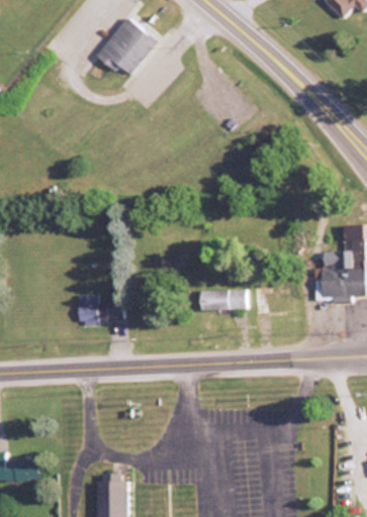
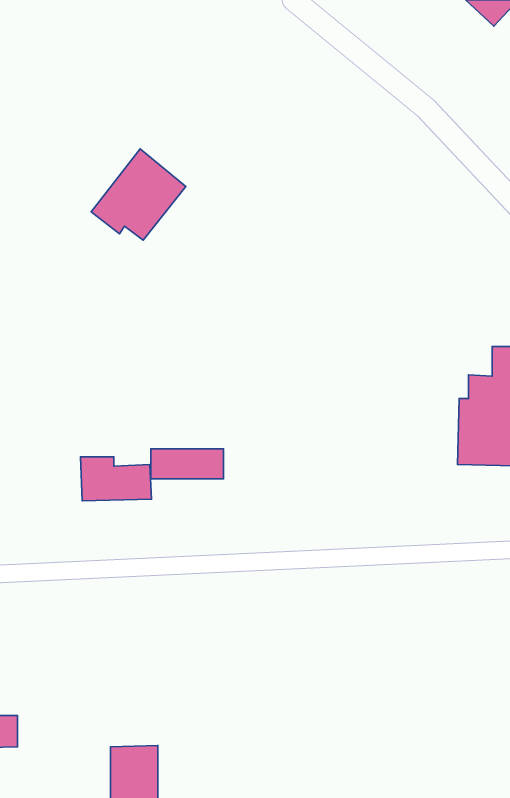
building: [95,16,156,75] -> [91,149,186,240]
building: [200,291,247,310] -> [151,449,223,479]

